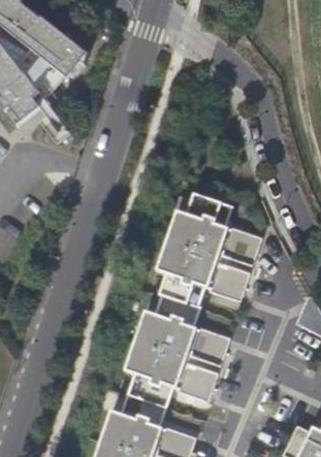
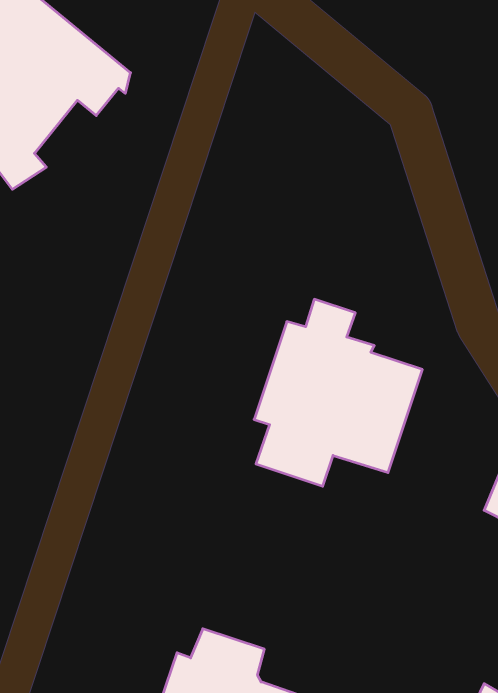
building: [128,292,228,403] -> none

